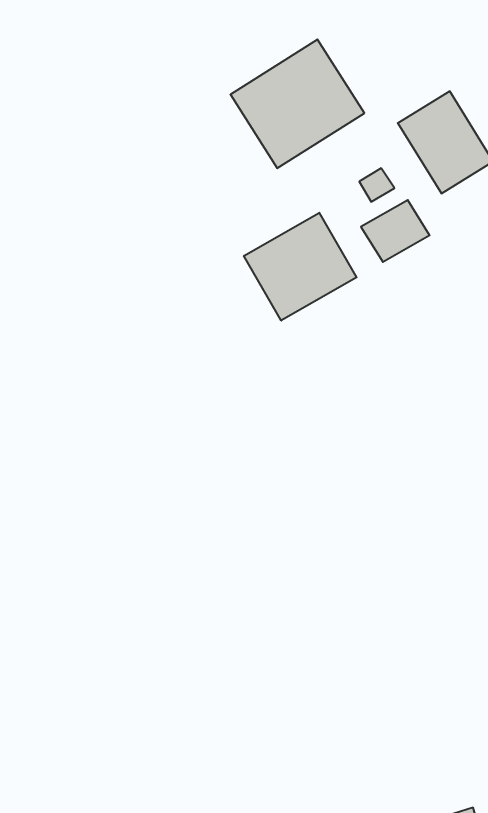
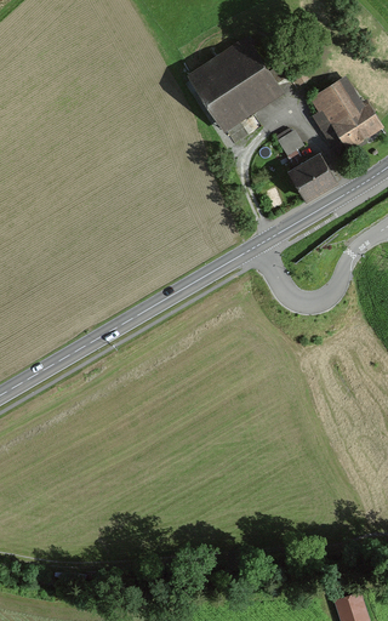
building: [244,213,357,321] -> none

